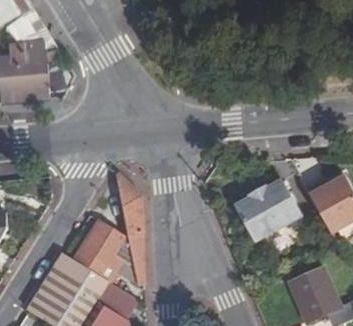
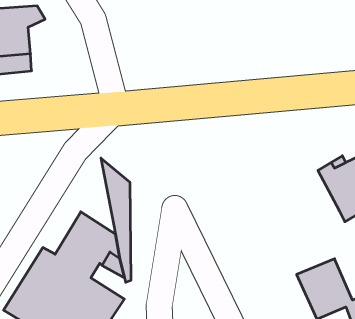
building: [234,178,302,241] -> none

